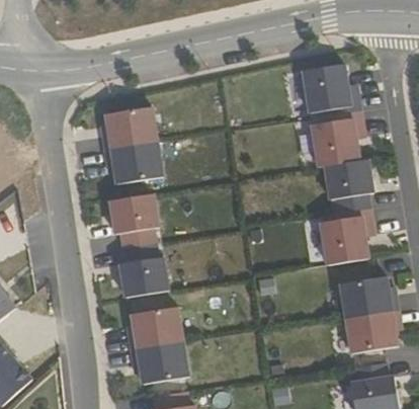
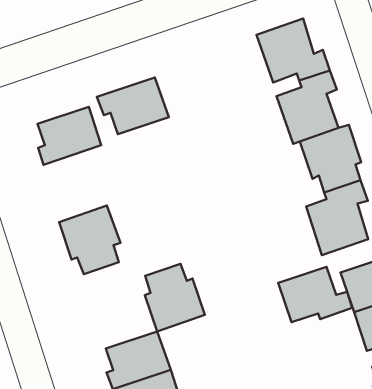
building: [105,142,163,184] -> [97,78,169,134]
building: [120,243,168,297] -> [145,264,205,331]
building: none -> [278,267,352,322]

